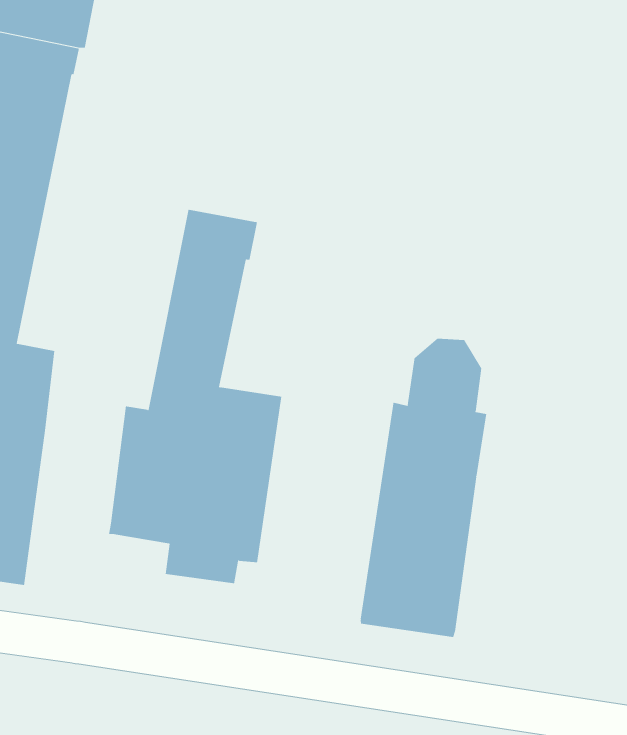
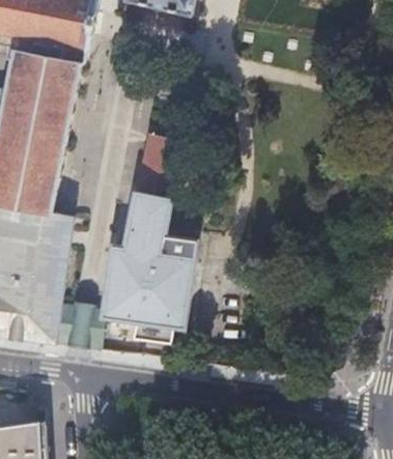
building: [360,338,487,638] -> none
building: none -> [54,304,103,352]

